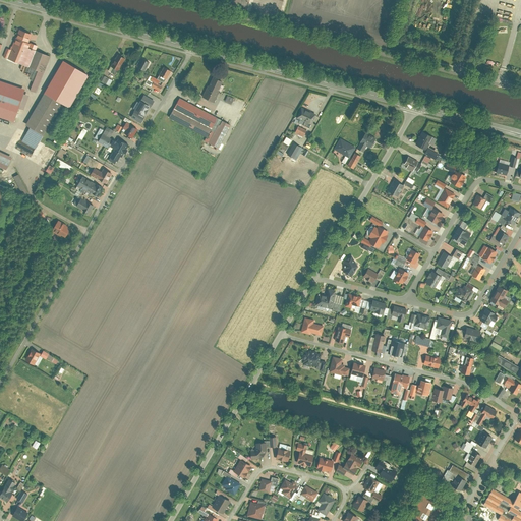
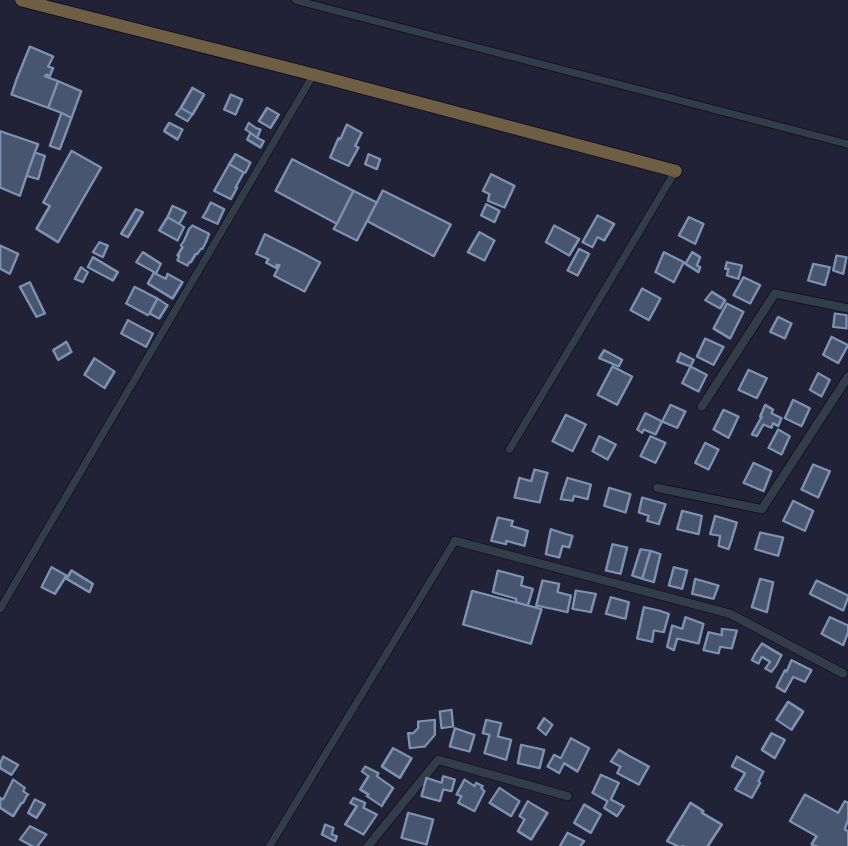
building: [44,61,88,108] -> none
building: none -> [367,190,451,256]
building: none -> [256,234,320,291]
building: none -> [463,591,541,644]

